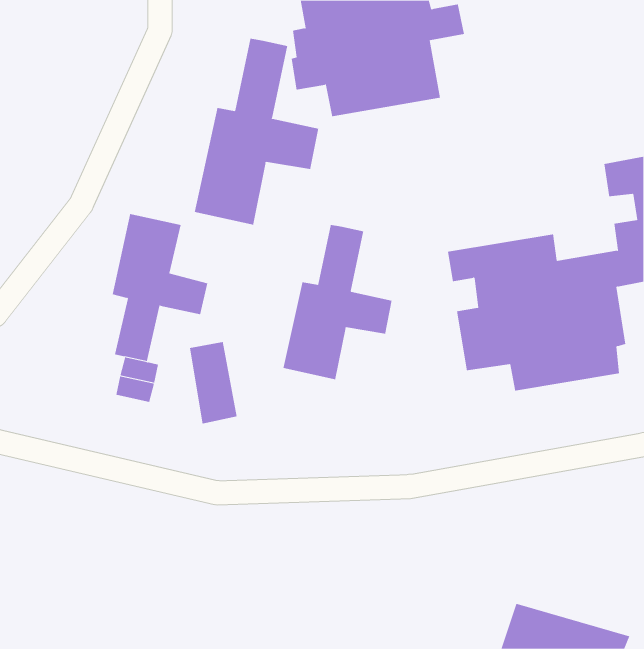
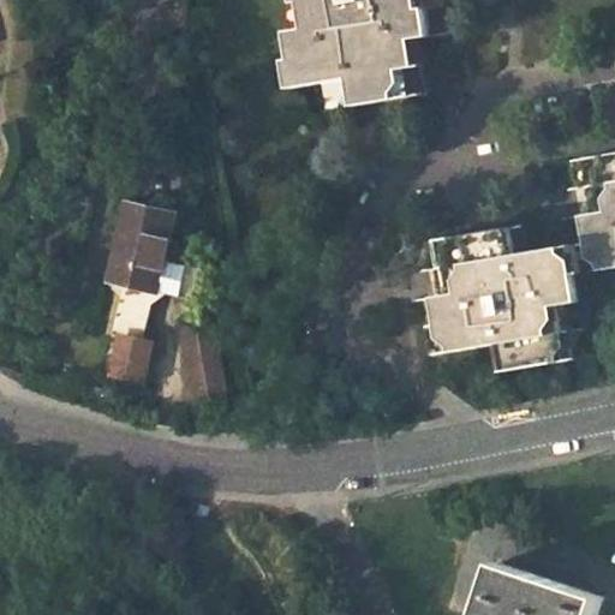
building: [194,38,319,226] -> none
building: [283,224,392,380] -> none

